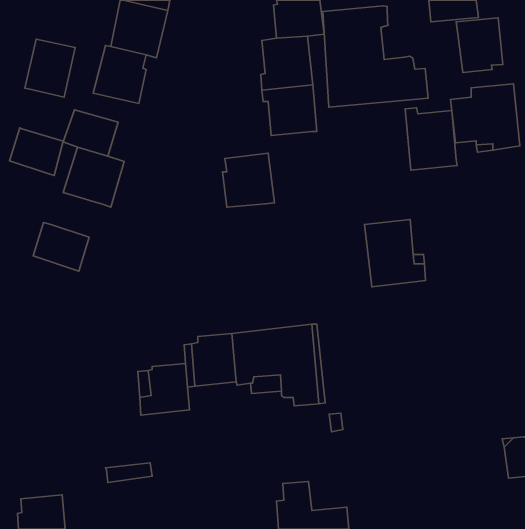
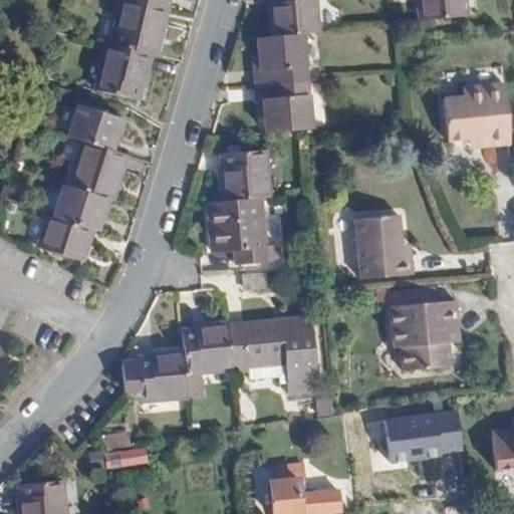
building: [323,6,428,107] -> none
building: [456,18,503,72] -> none
building: [25,39,75,97] -> none
building: [405,108,457,170] -> none
building: [9,128,63,175] -> [53,186,105,232]
building: none -> [207,198,280,265]
building: none -> [393,282,463,367]
building: none -> [389,413,465,464]

